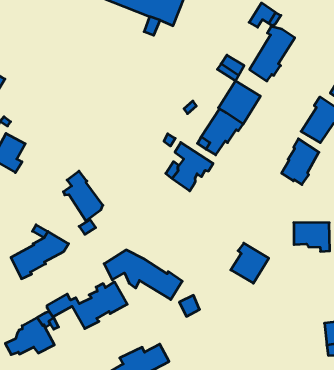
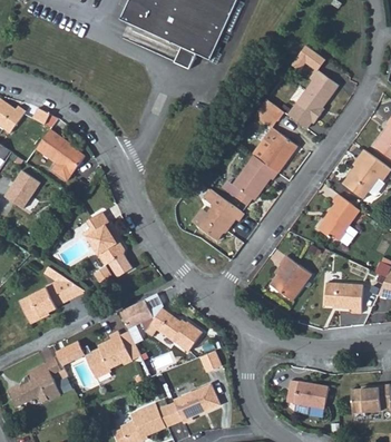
building: none -> [36,128,85,174]
building: [231,243,269,283] -> [268,254,310,297]
building: none -> [286,382,326,412]
building: none -> [174,384,221,424]

